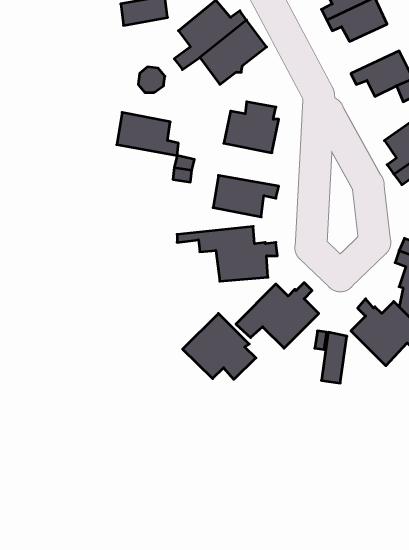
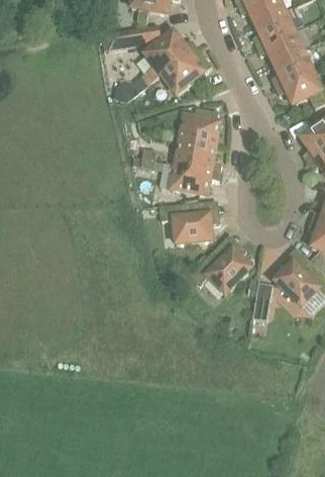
building: none -> [270,49,311,86]
building: [117,112,178,155] -> [175,138,221,171]
building: [183,313,256,379] -> none

